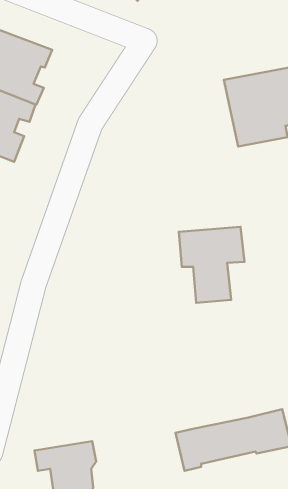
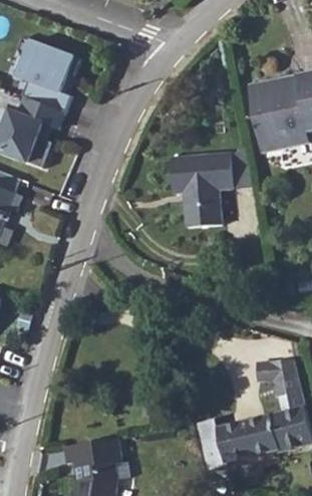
building: [179,227,245,303] -> [171,154,235,228]
building: none -> [257,362,302,398]

